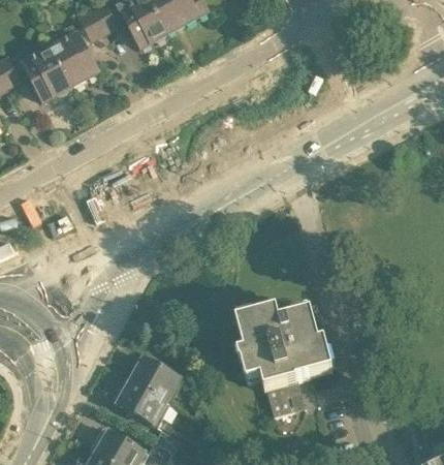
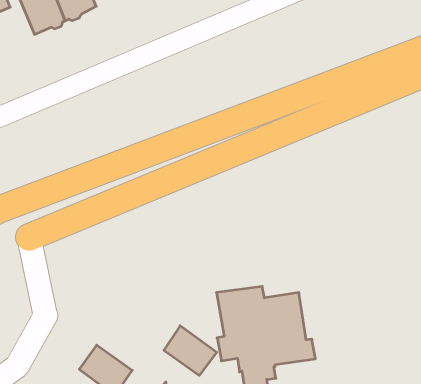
building: [131,354,180,398] -> [164,326,217,375]

